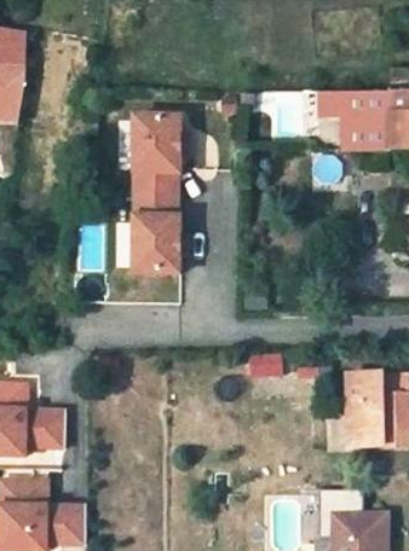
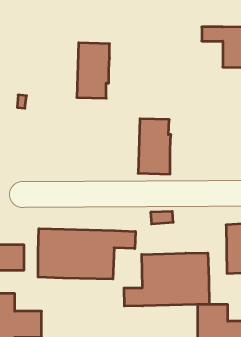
building: [133,192,180,272] -> [138,119,171,174]
building: none -> [38,229,135,279]
building: none -> [124,253,209,306]

